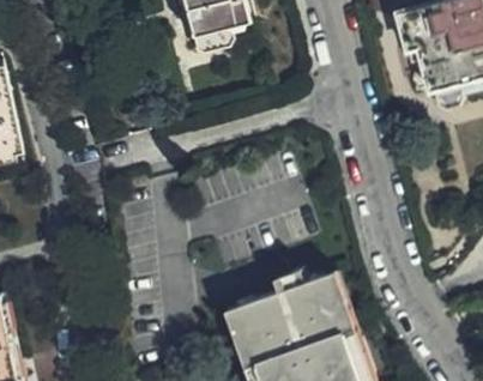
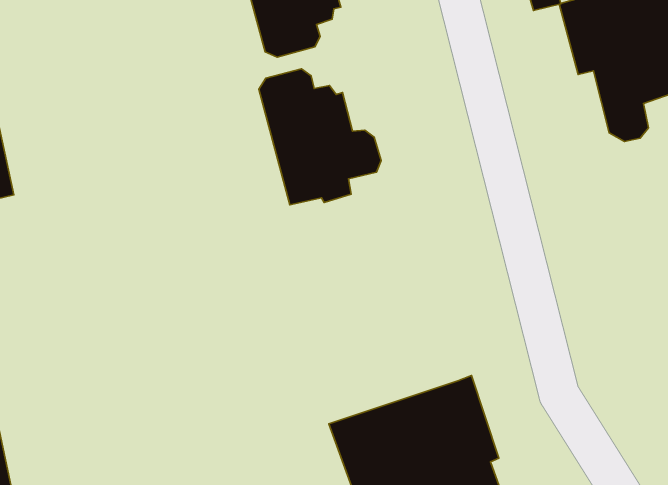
building: none -> [259,69,381,205]

